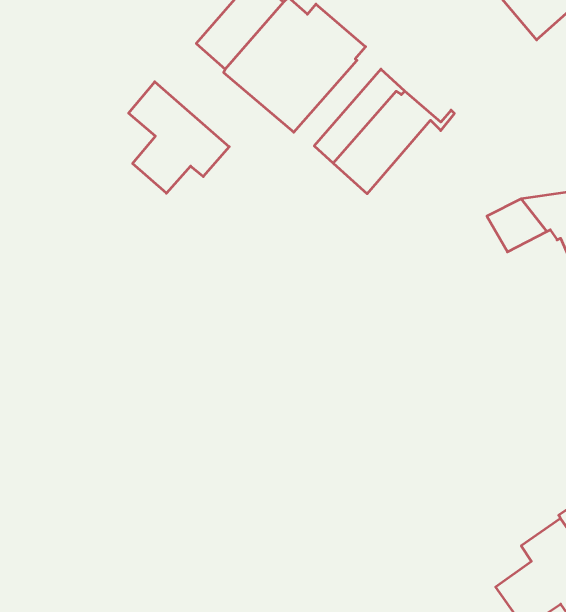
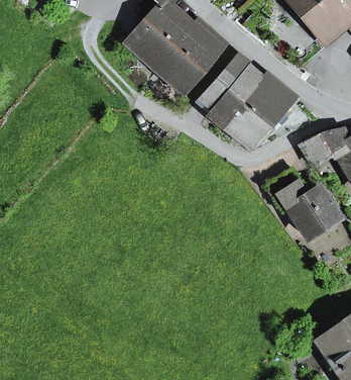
building: [129,82,229,193] -> none
building: none -> [228,83,297,151]
building: none -> [264,168,338,236]

